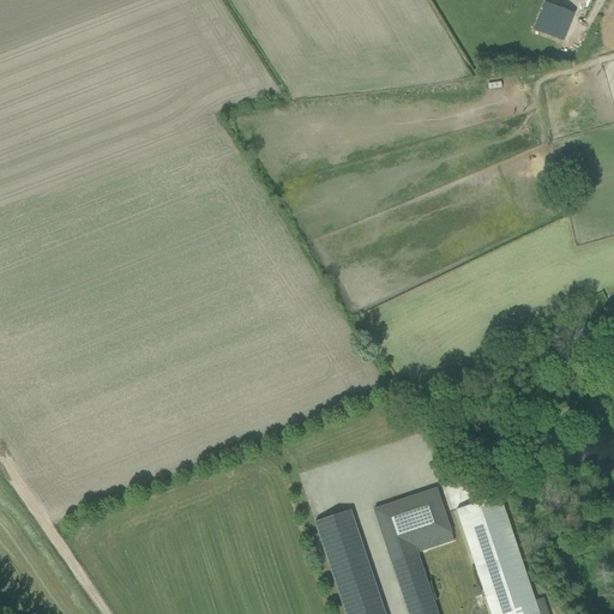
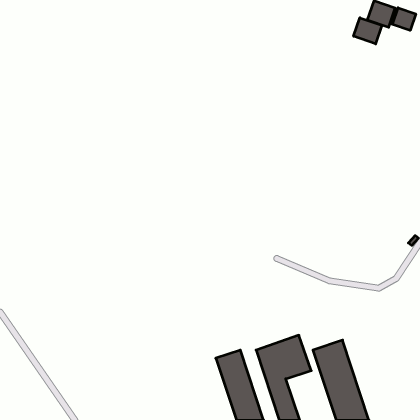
building: none -> [392,8,416,30]
building: none -> [354,18,382,44]

